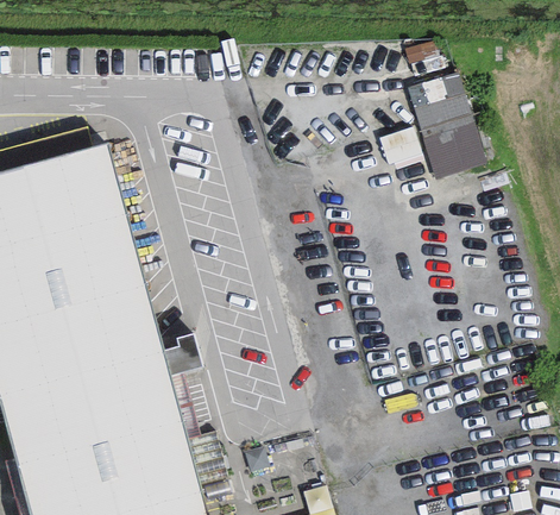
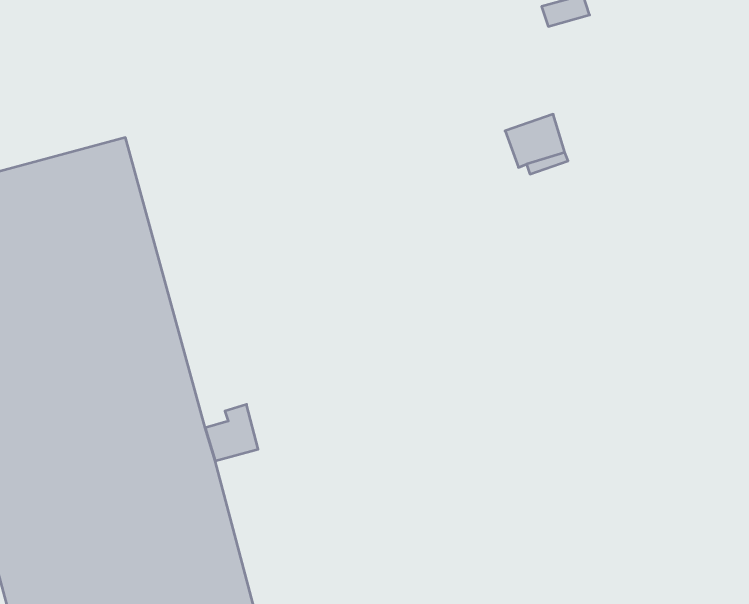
building: [407,74,485,180] -> none

